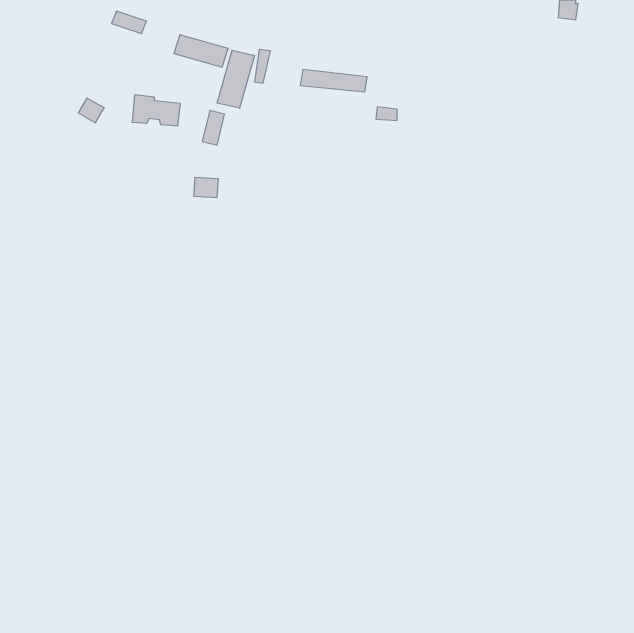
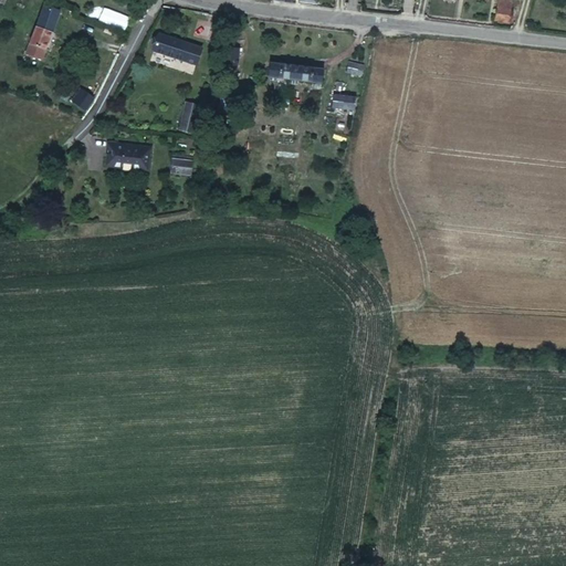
building: none -> [24,7,56,60]
building: [217,50,254,108] -> none
building: [132,95,180,126] -> [103,139,146,167]

